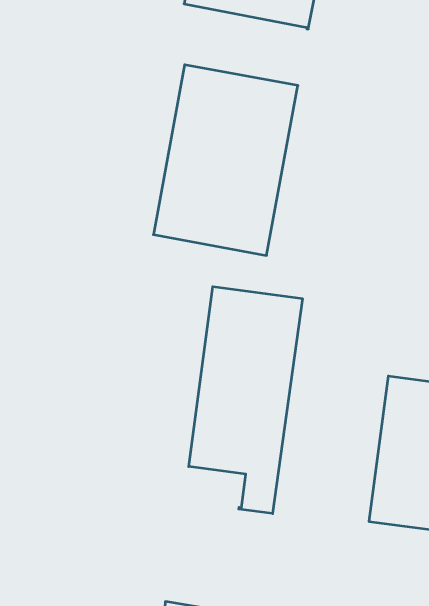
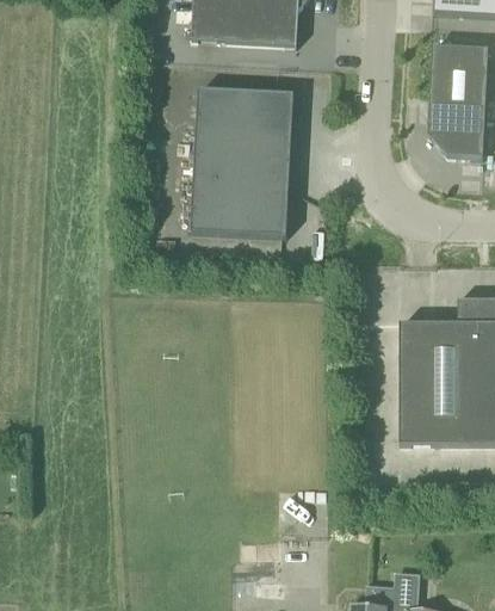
building: [189,287,302,514] -> none

